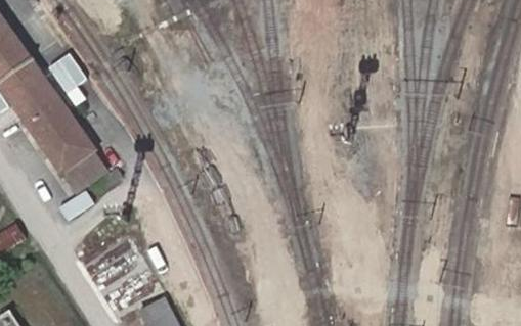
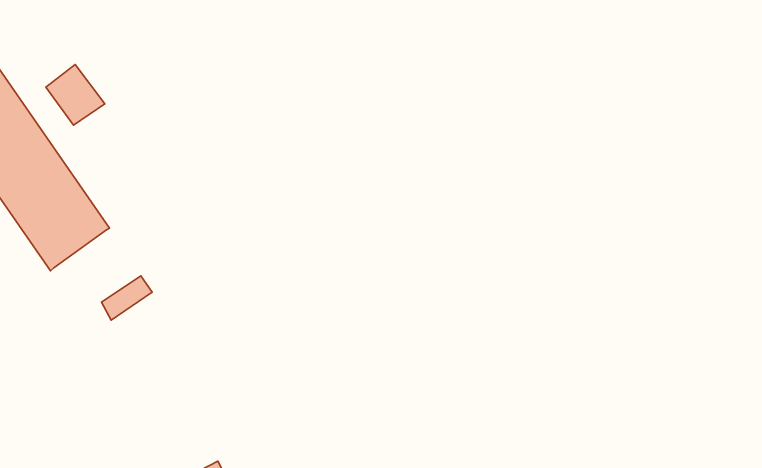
building: [58,150,103,193] -> none

